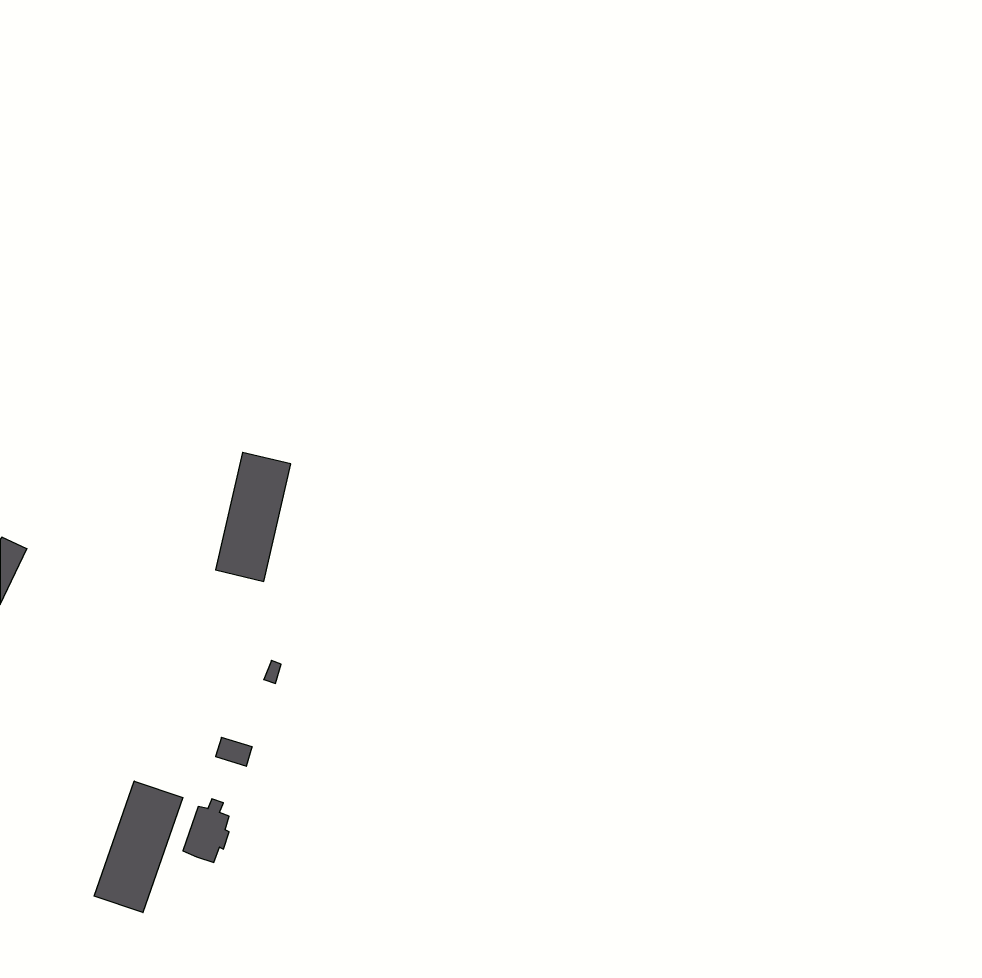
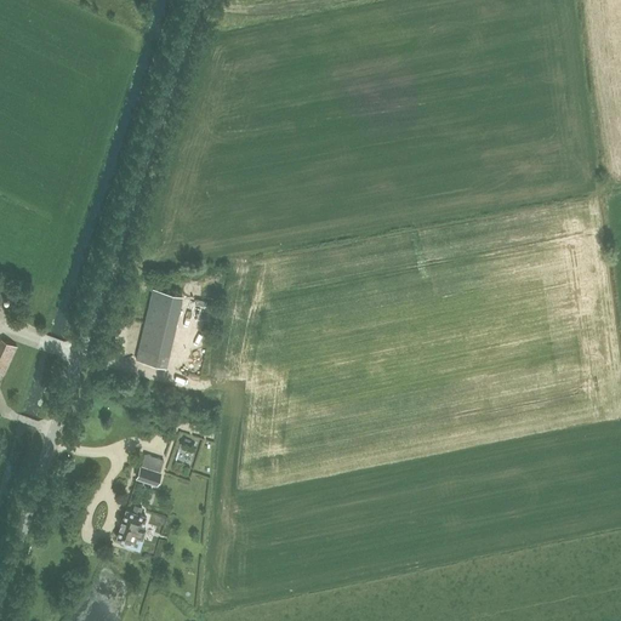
building: [94,781,183,913] -> none

